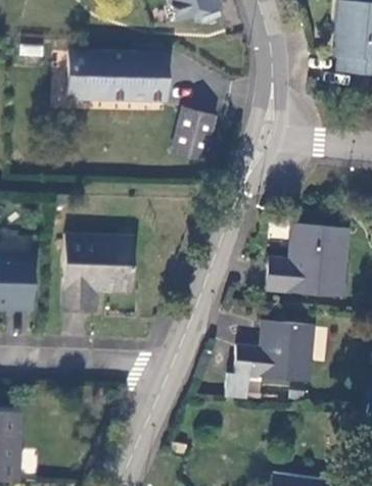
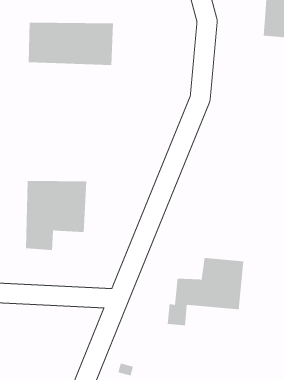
building: [171,111,214,162] -> none
building: [266,224,352,296] -> none

